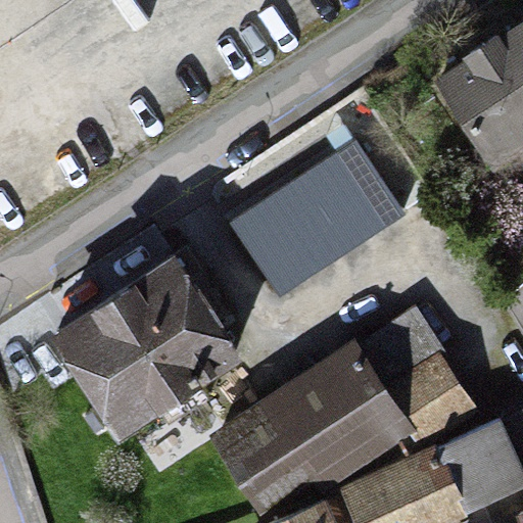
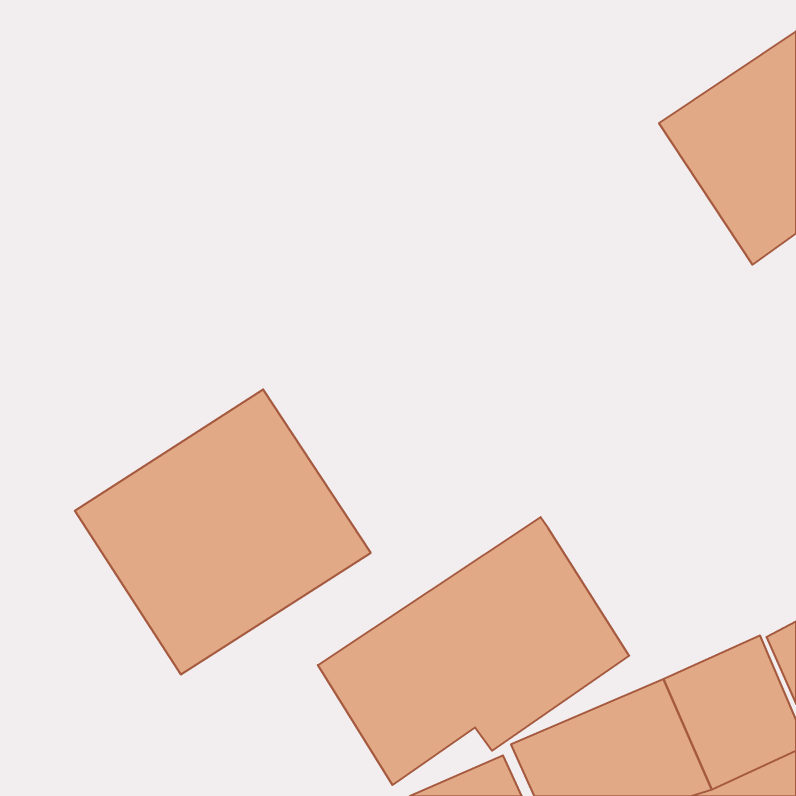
building: [231,139,408,299] -> none
building: [360,308,474,438] -> none

